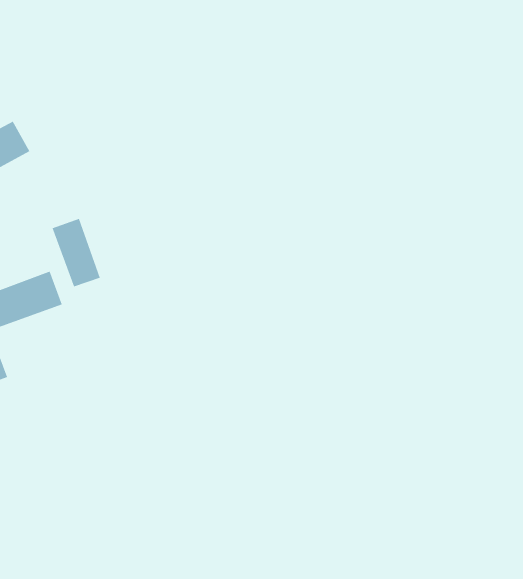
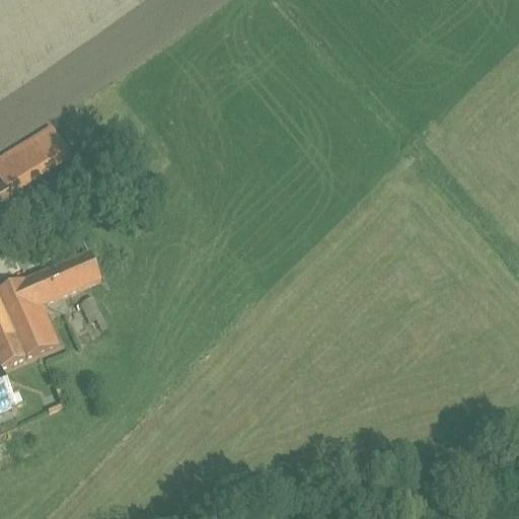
building: [52,218,101,288] -> none

